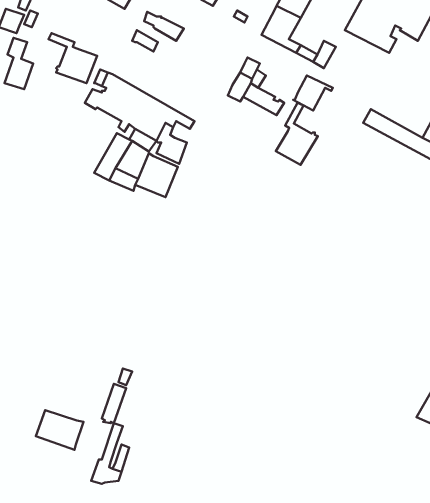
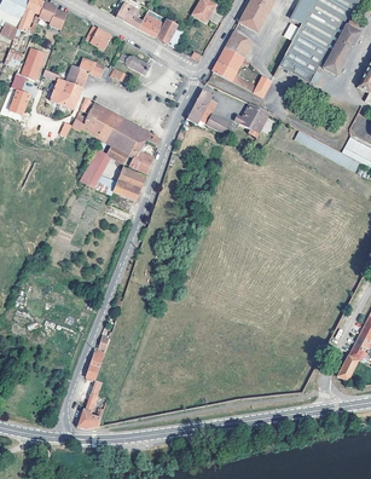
building: none -> [65,57,109,87]
building: [276,103,318,165] -> none
building: [36,410,83,450] -> none

